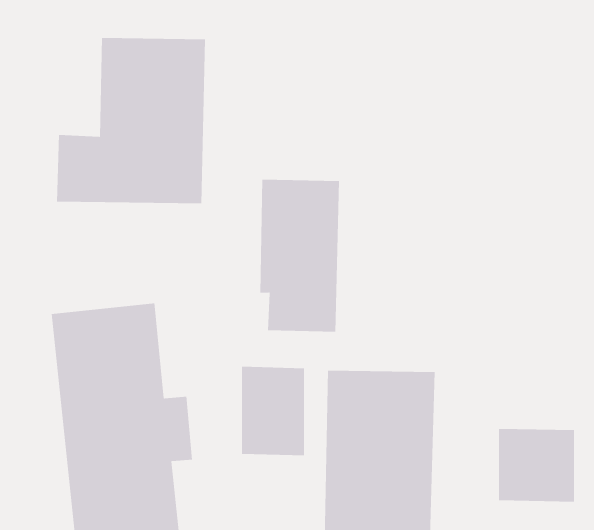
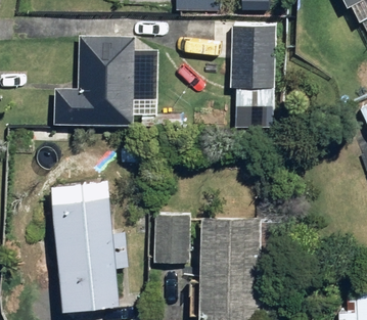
building: [260,179,340,332] -> [230,26,274,109]
building: [498,428,575,502] -> none

